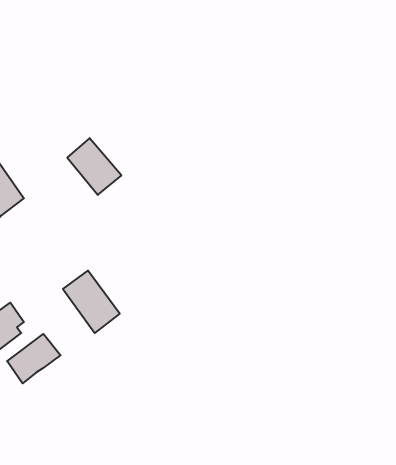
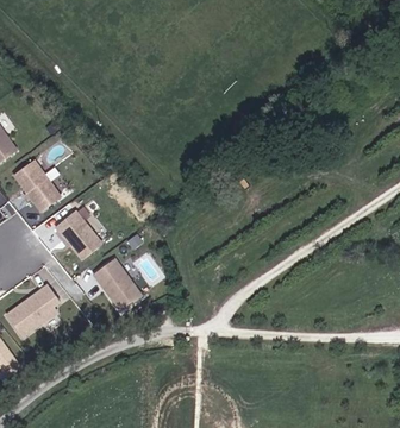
building: [67,138,121,195] -> [52,209,99,258]
building: [7,334,61,383] -> none

